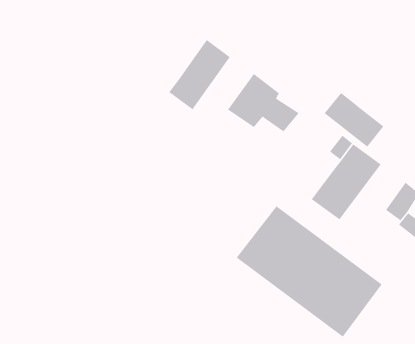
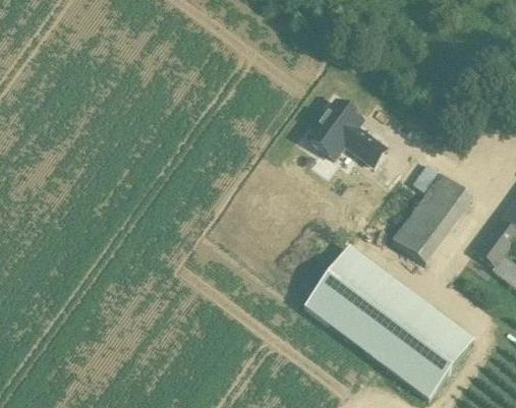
building: [169,39,231,110] -> none
building: [324,92,384,147] -> none

